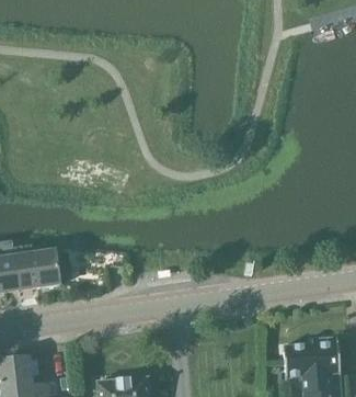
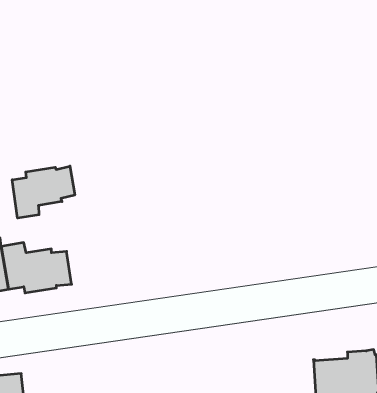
building: none -> [12,166,75,218]

